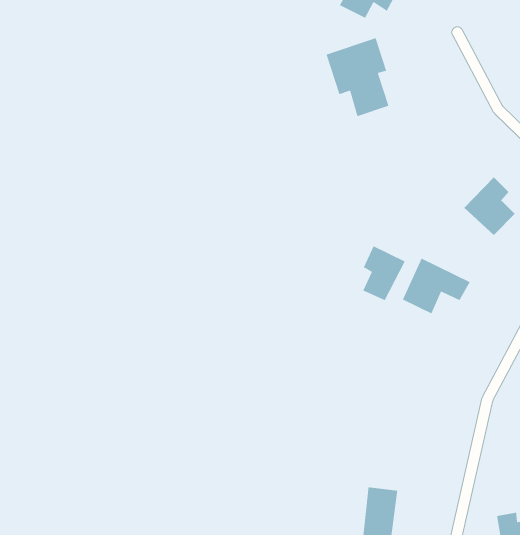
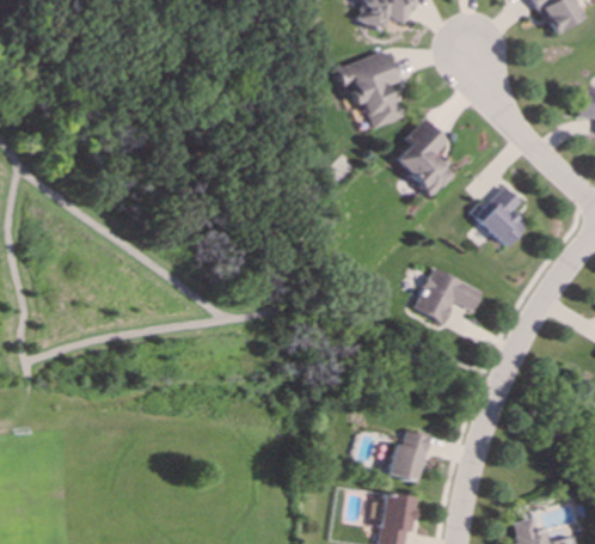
building: none -> [398,117,458,196]
building: [362,245,406,301] -> none
building: none -> [388,430,428,481]

